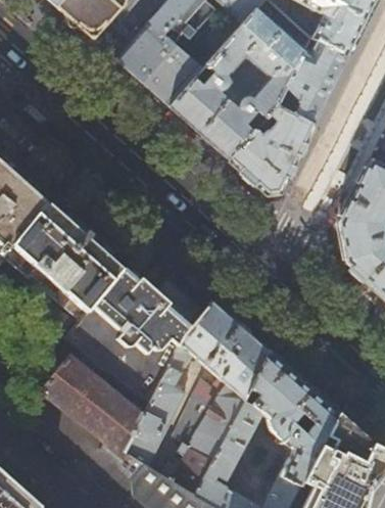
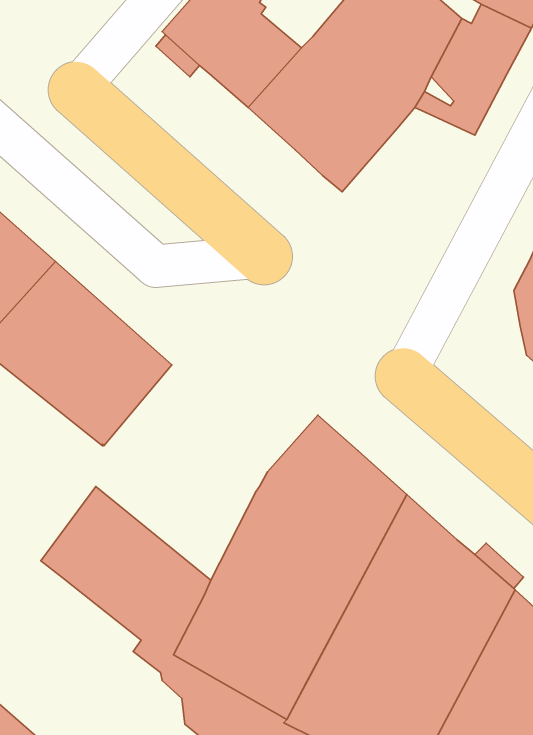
building: [230,110,314,193] -> none
building: [64,268,214,405] -> none

